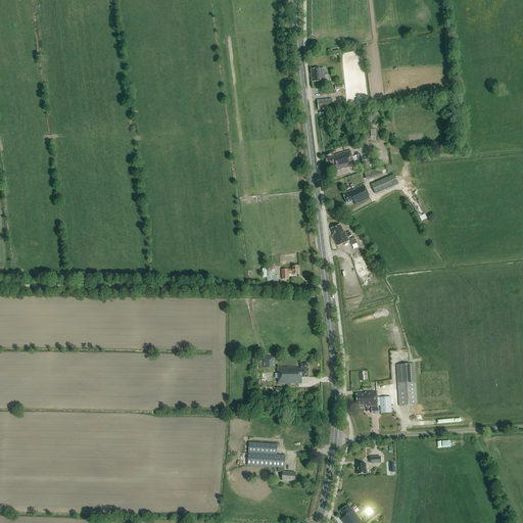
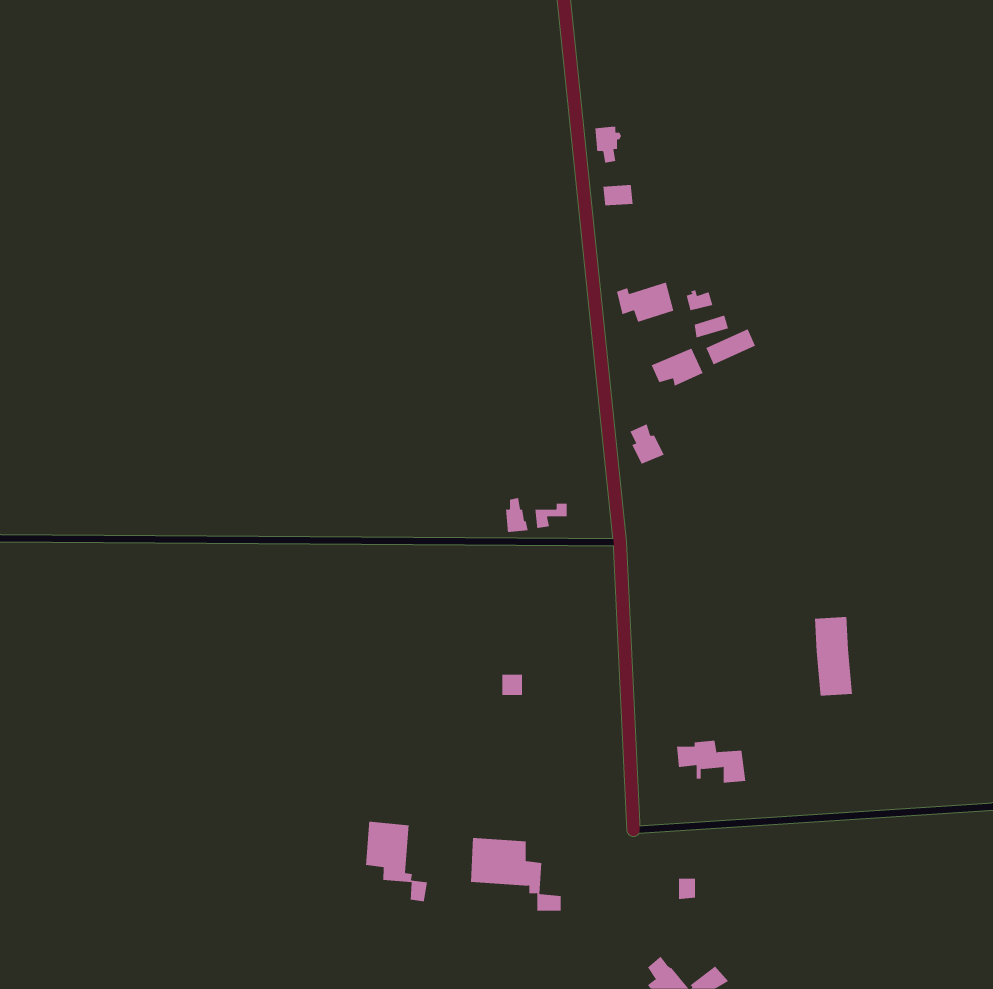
building: [278,363,308,382] -> none
building: [396,363,417,405] -> [814,616,853,696]
building: none -> [366,821,427,902]

